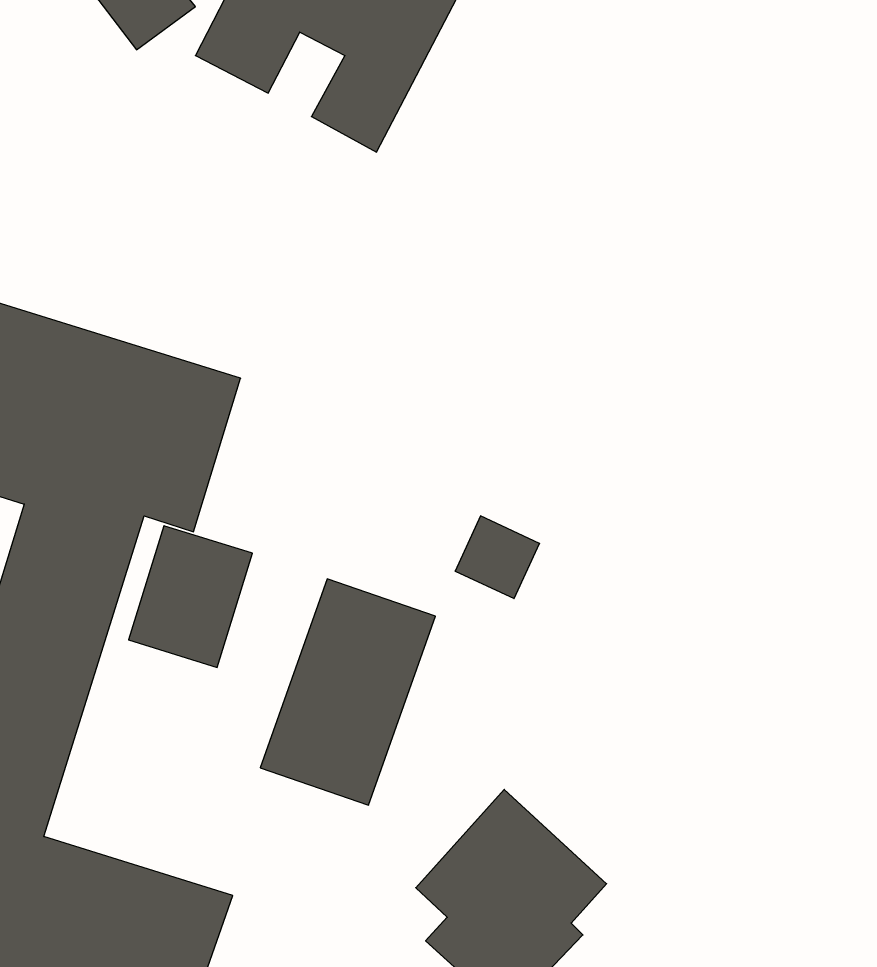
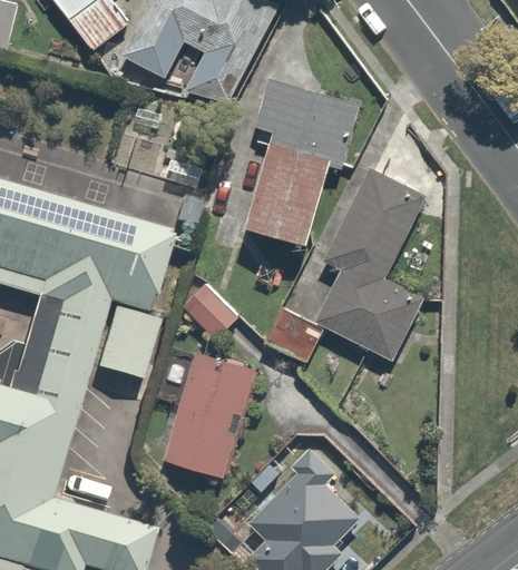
building: none -> [244,73,361,236]
building: none -> [319,167,424,356]
building: none -> [183,281,243,340]

